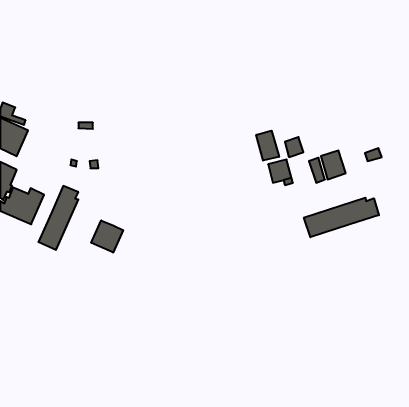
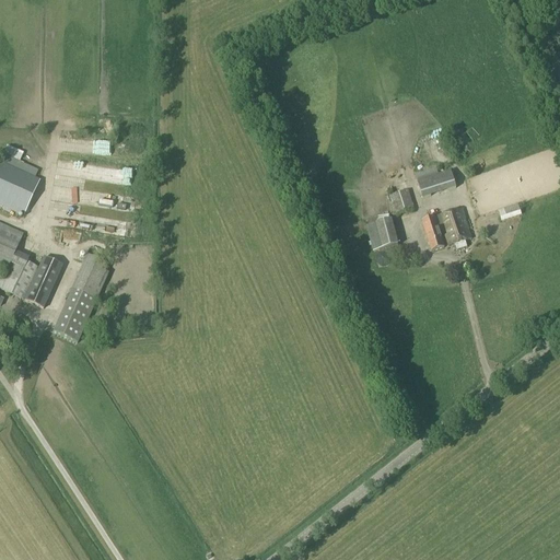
building: none -> [419,168,457,195]
building: [256,131,279,161] -> none
building: [304,198,379,237] -> none
building: [91,220,123,253] -> none

